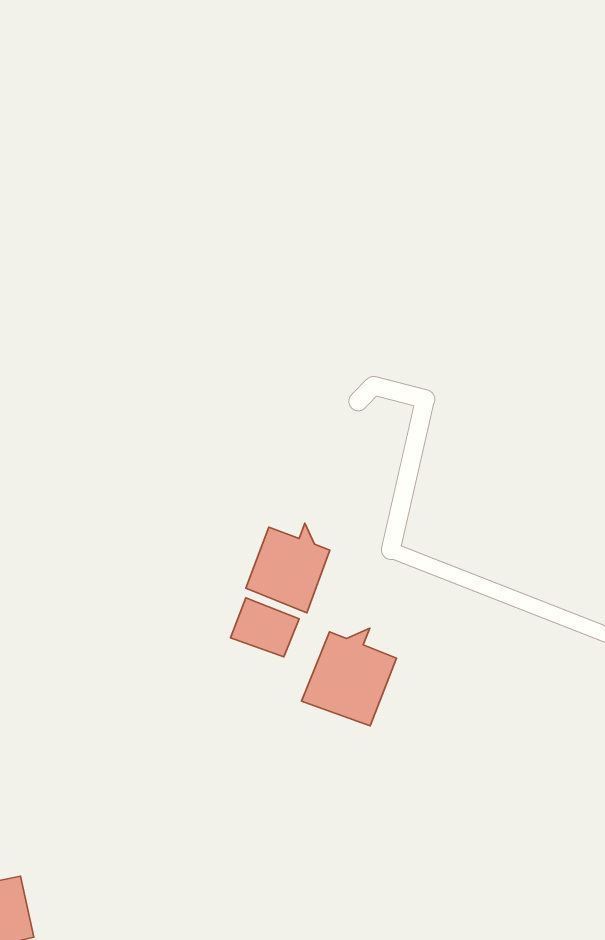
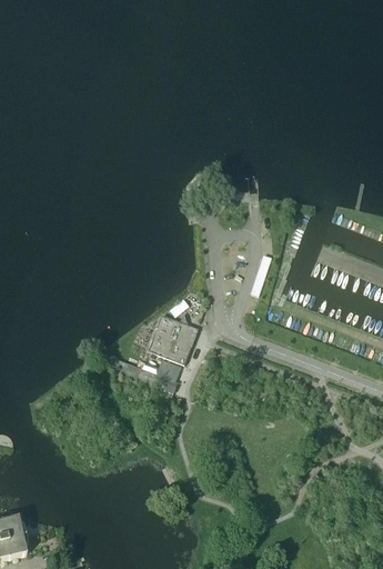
building: [302,628,397,726] -> none

